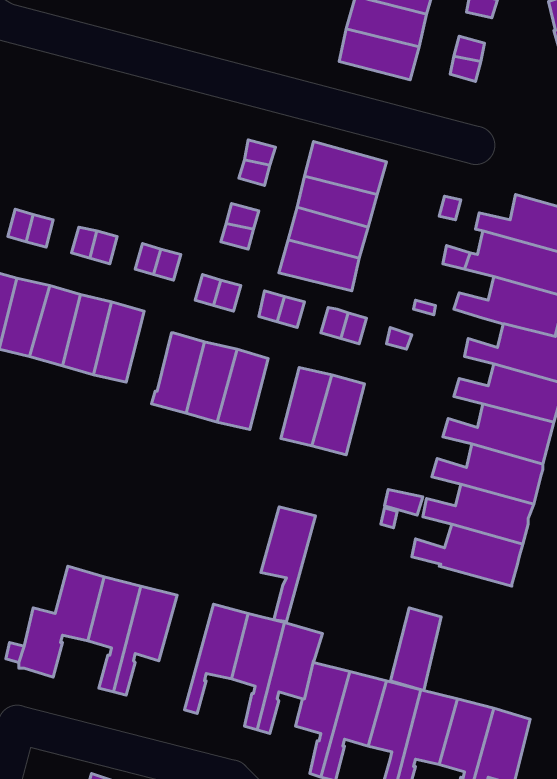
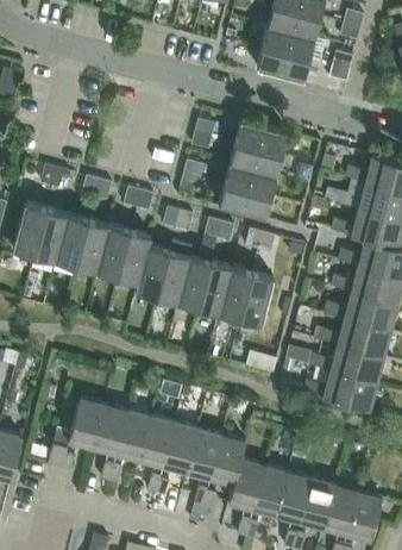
building: none -> [118,231,151,283]
building: none -> [199,262,231,314]
building: [261,507,316,622] -> [139,417,175,492]
building: [390,608,441,691] -> none

